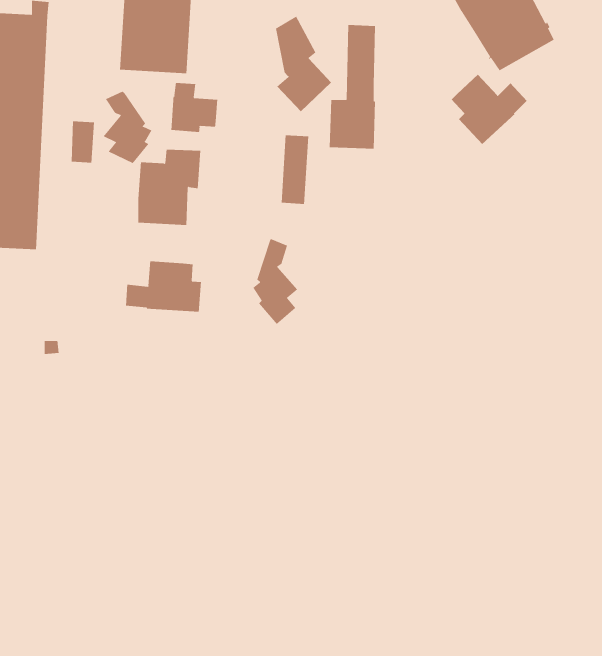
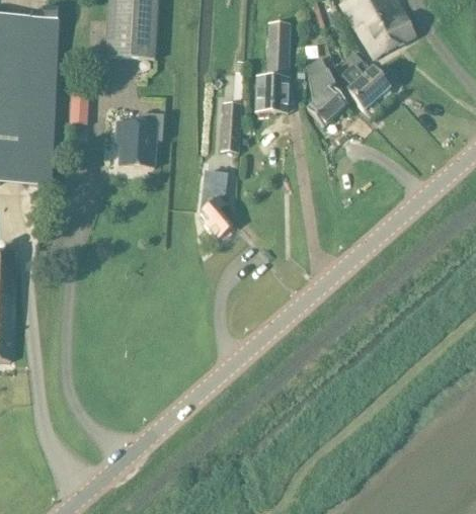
building: [275,16,332,112] -> [306,55,346,123]
building: [171,82,218,133] -> none
building: [103,91,152,164] -> none
building: [125,260,202,313] -> none

